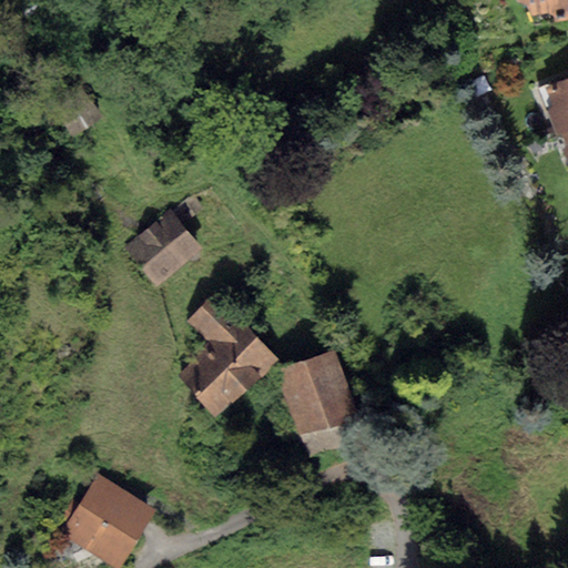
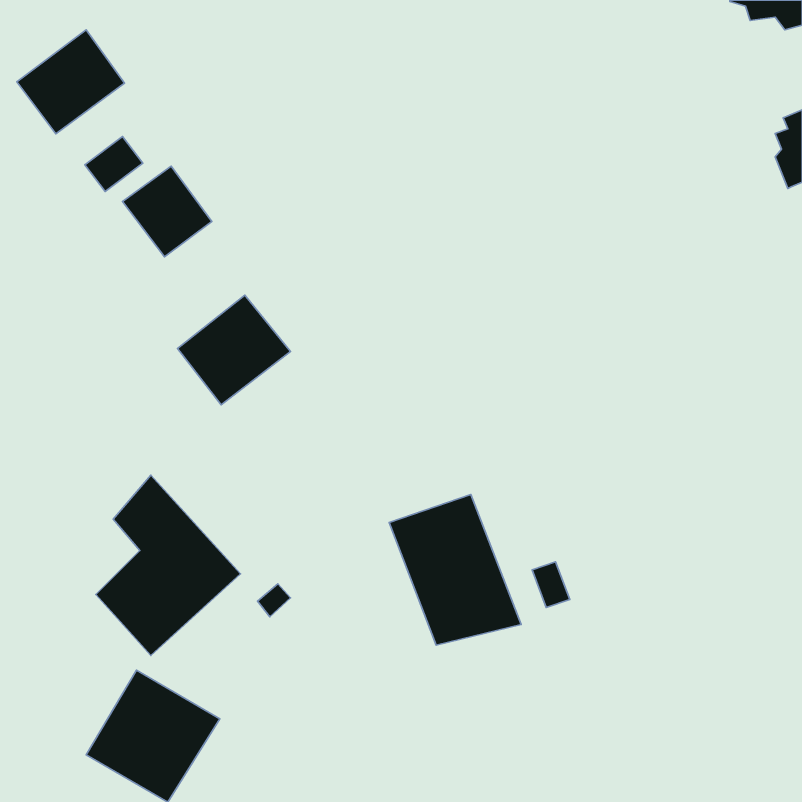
building: none -> [17,30,125,134]
building: none -> [123,166,212,257]
building: [176,291,278,418] -> [96,475,240,656]

